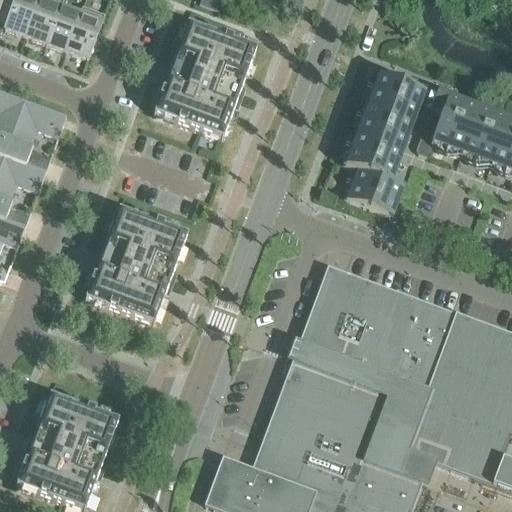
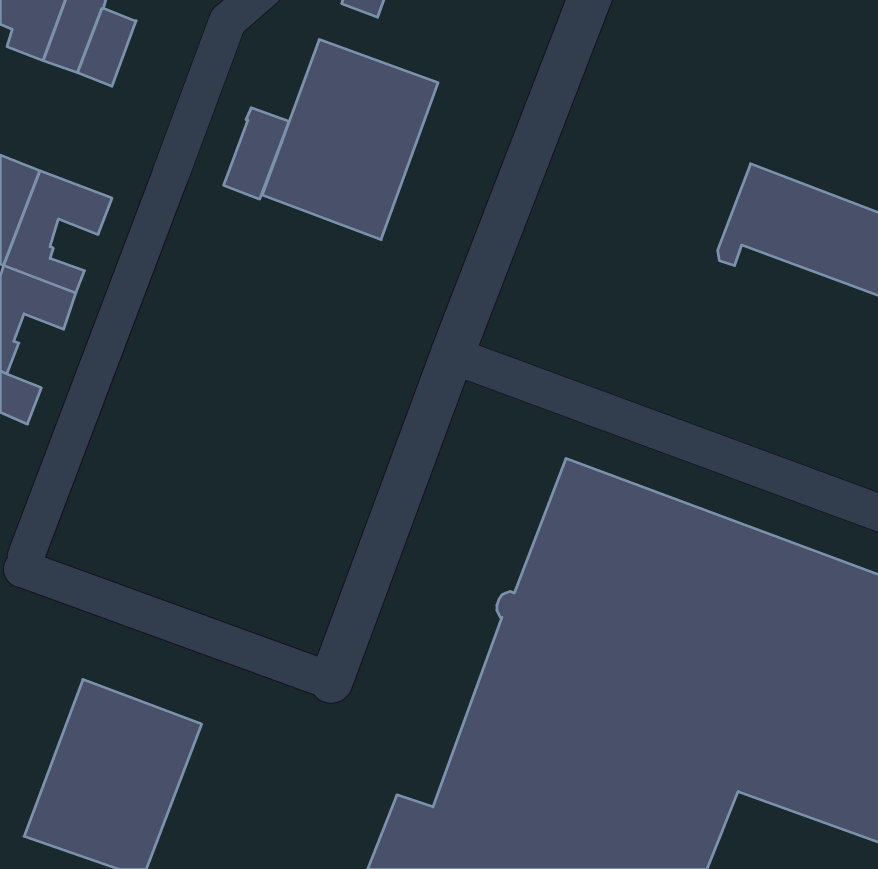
building: [67,5,105,58] -> [224,108,289,199]
building: [346,62,424,213] -> none
building: [85,208,187,324] -> none

